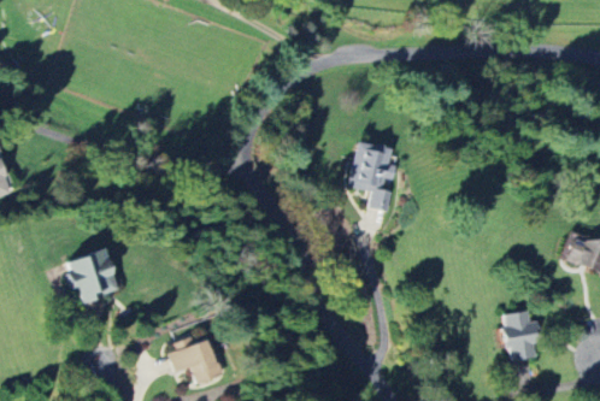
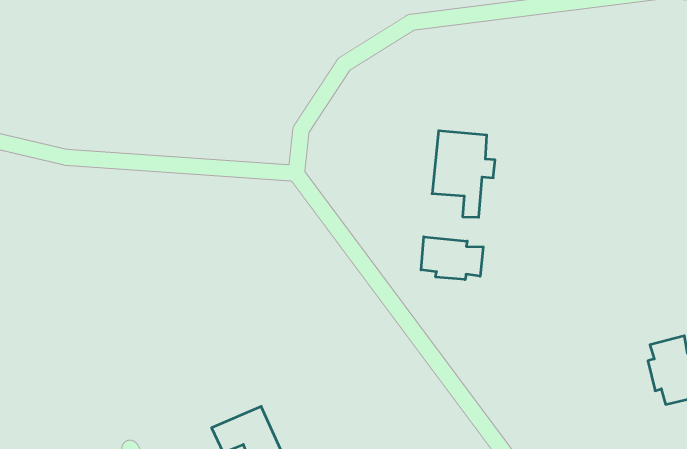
building: none -> [421,237,483,280]
building: [65,247,119,303] -> none

